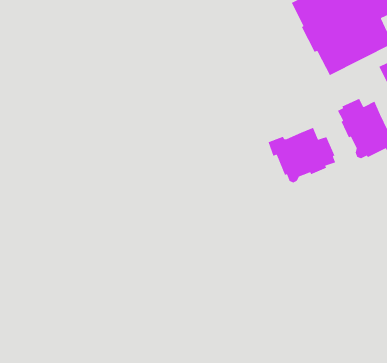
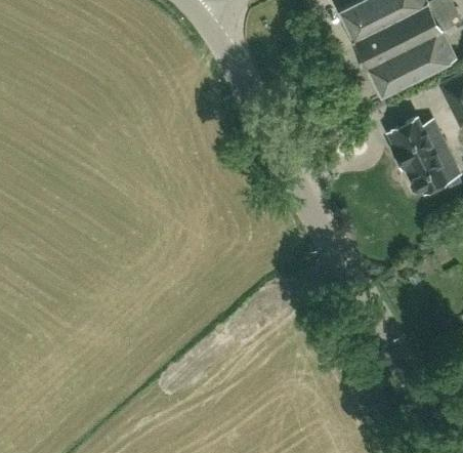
building: [268,127,336,183] -> none

